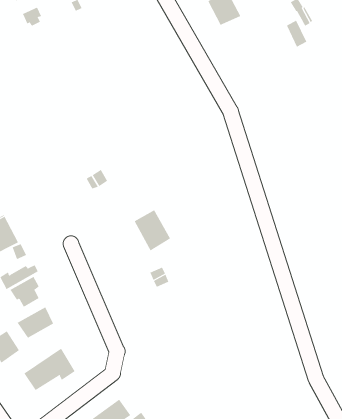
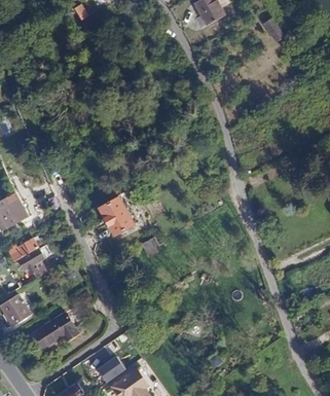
building: [134,209,171,251] -> [100,199,133,236]
building: [17,306,54,339] -> none

